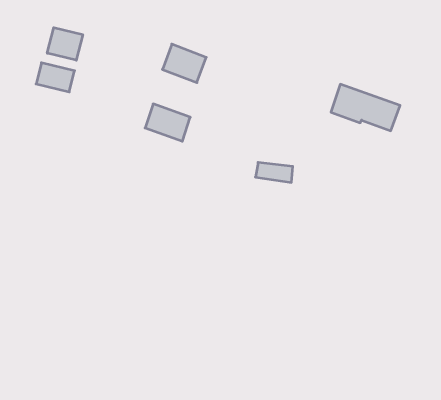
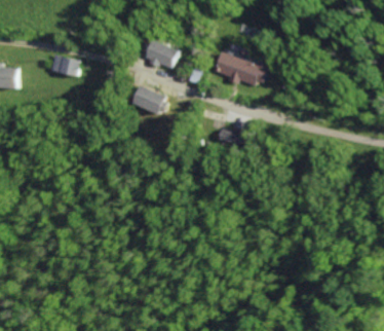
building: [47,28,83,60] -> none
building: [331,84,400,131] -> [217,50,270,86]

